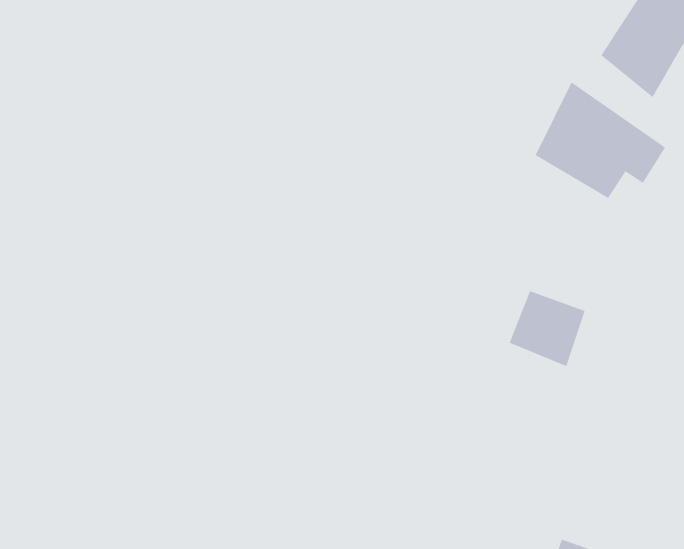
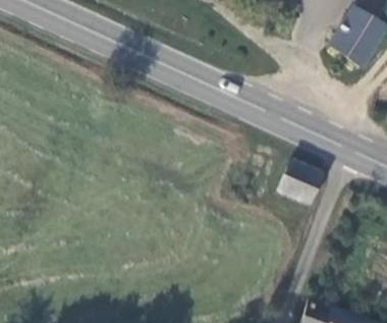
building: [535,81,666,199] -> none

